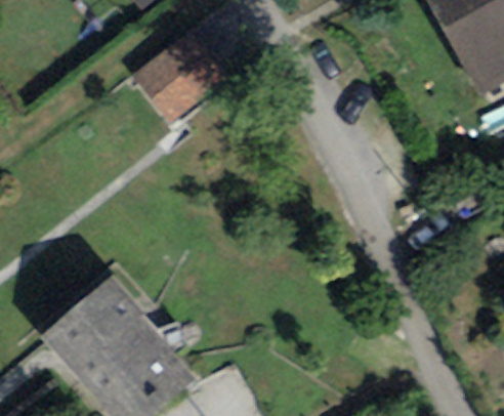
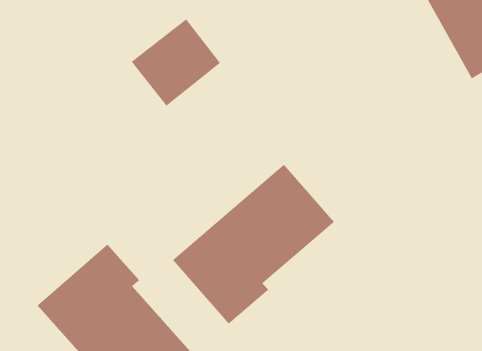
building: none -> [172,164,335,324]

